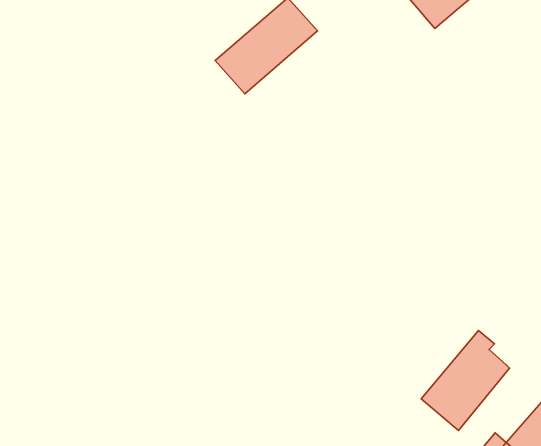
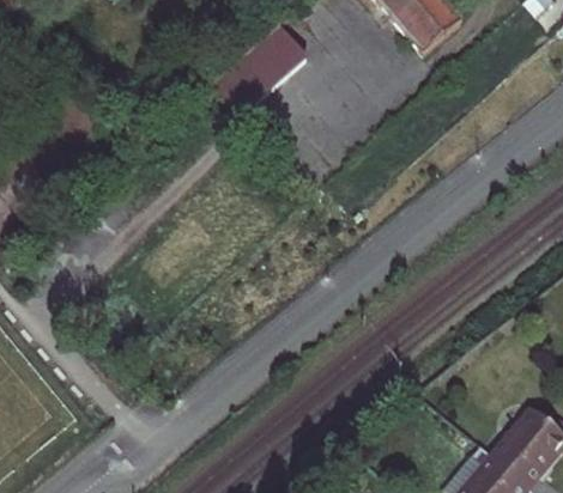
building: [421,331,509,431] -> none

